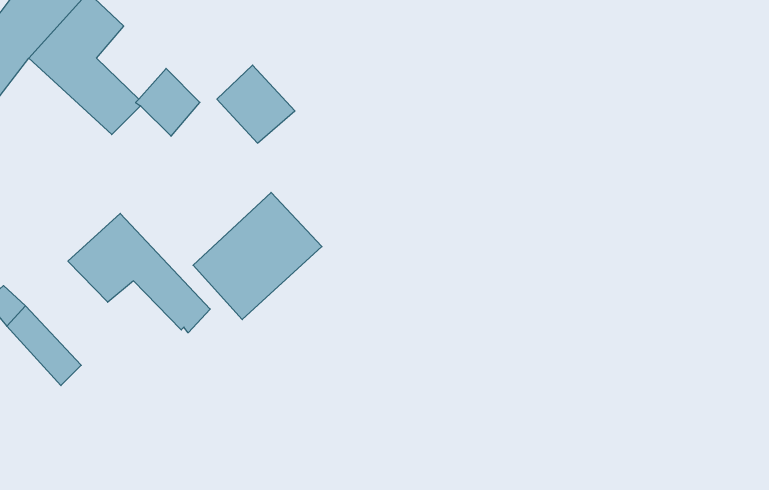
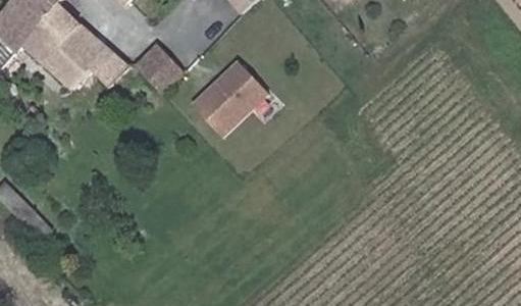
building: none -> [62,23,104,67]
building: [193,192,322,320] -> [183,56,260,133]
building: [68,213,210,333] -> none

